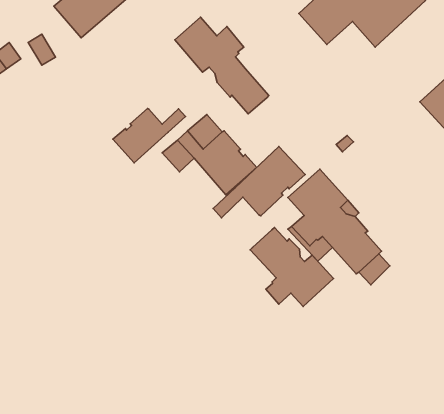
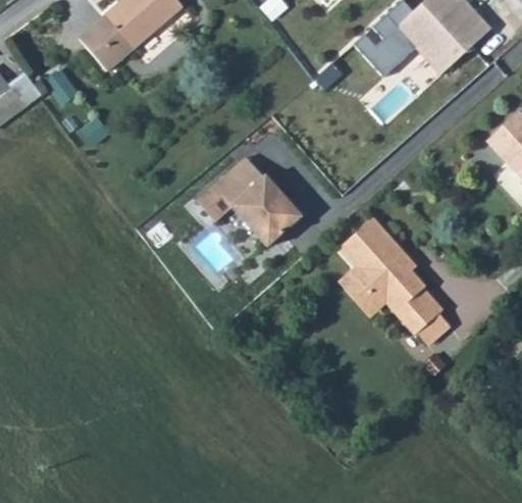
building: [175,17,269,114] -> none
building: [113,108,185,163] -> none
building: [213,146,305,218] -> none
building: [250,227,333,307] -> none

